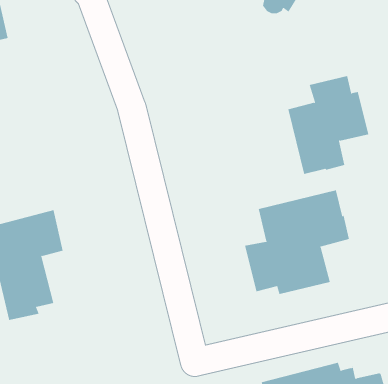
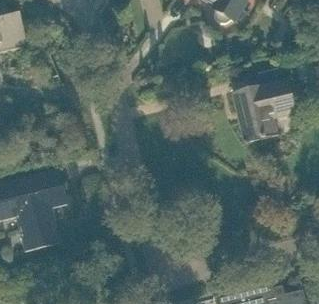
building: [245,189,349,295] -> none

